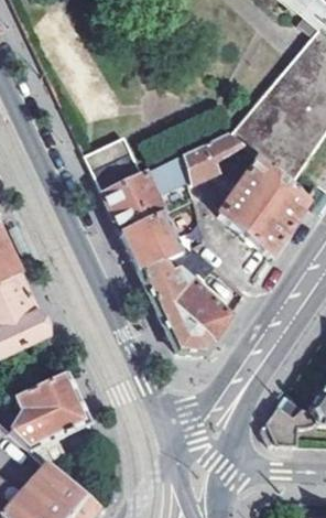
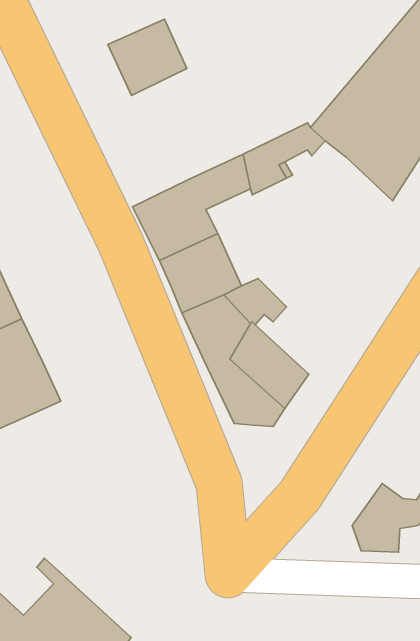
building: [84,136,142,192] -> [108,19,187,95]
building: [220,155,308,258] -> none
building: [11,374,90,461] -> none

